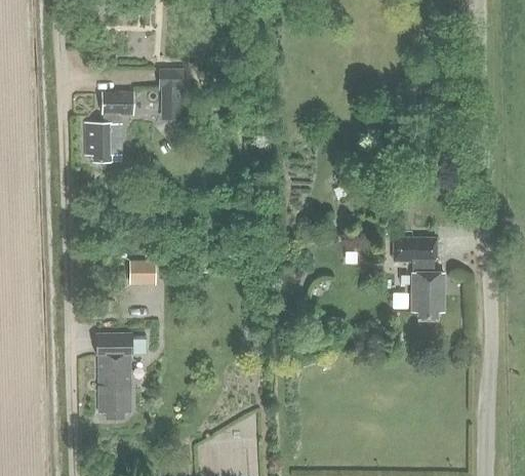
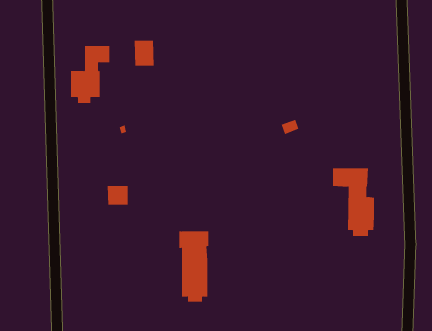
building: [157,67,184,86] -> none
building: [95,334,131,419] -> [179,231,209,302]

